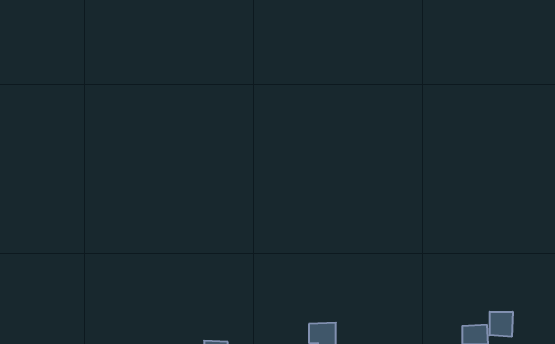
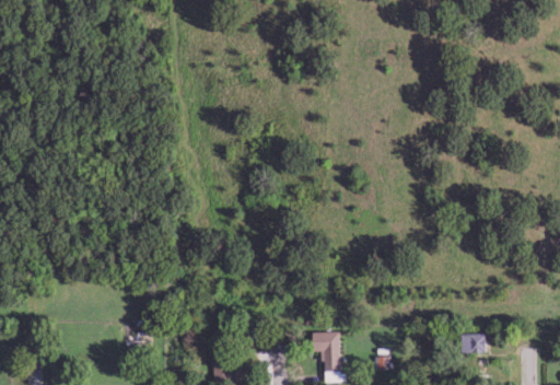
building: [490,312,513,337] -> none

